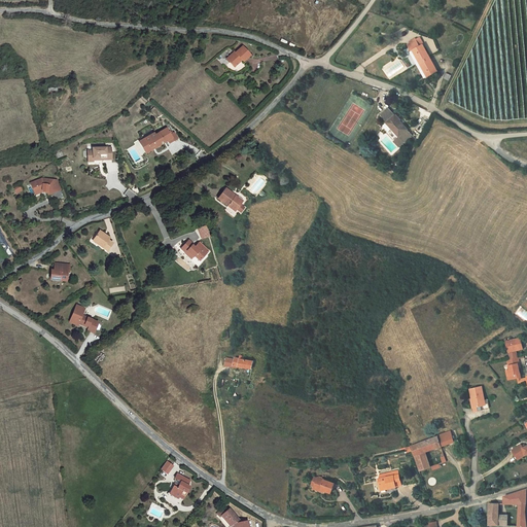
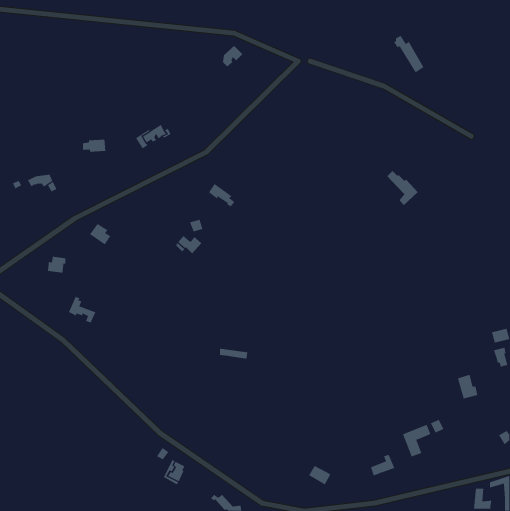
building: [380,109,413,146] -> [387,170,419,206]

